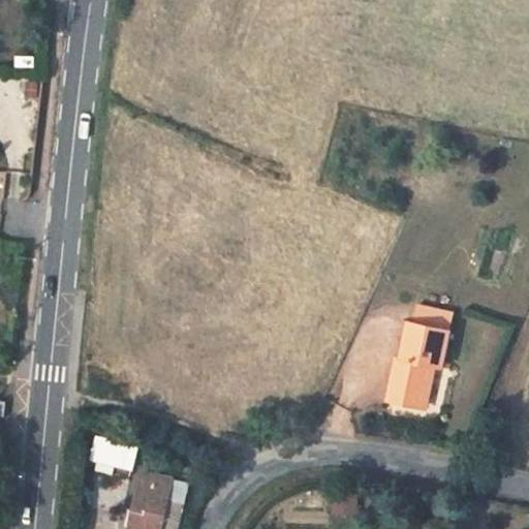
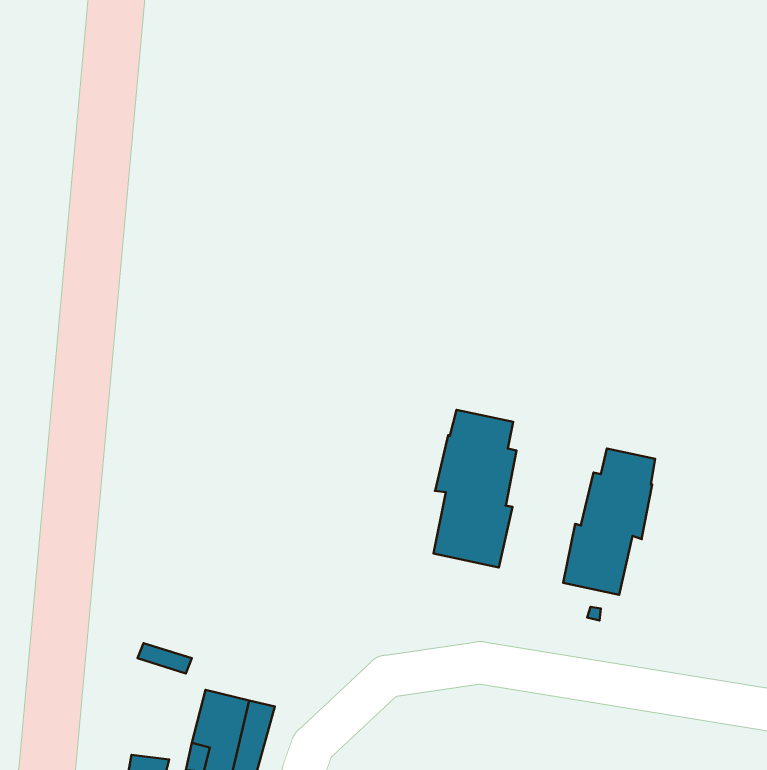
building: none -> [434,410,517,567]

